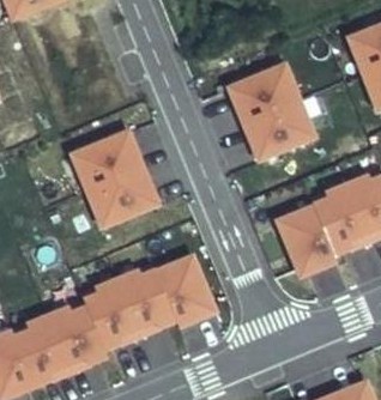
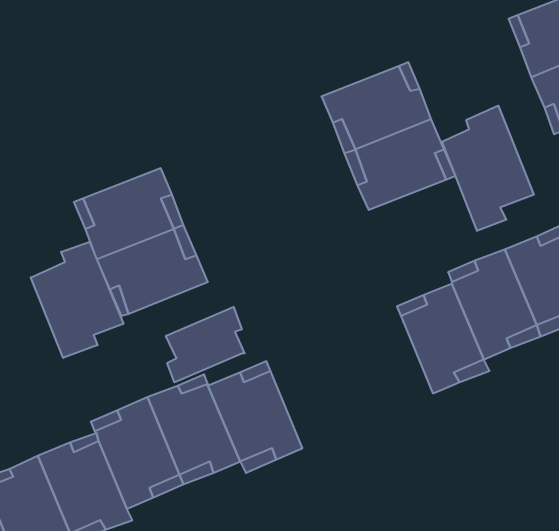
building: none -> [441,106,534,231]
building: none -> [31,242,123,358]
building: none -> [166,307,245,382]

